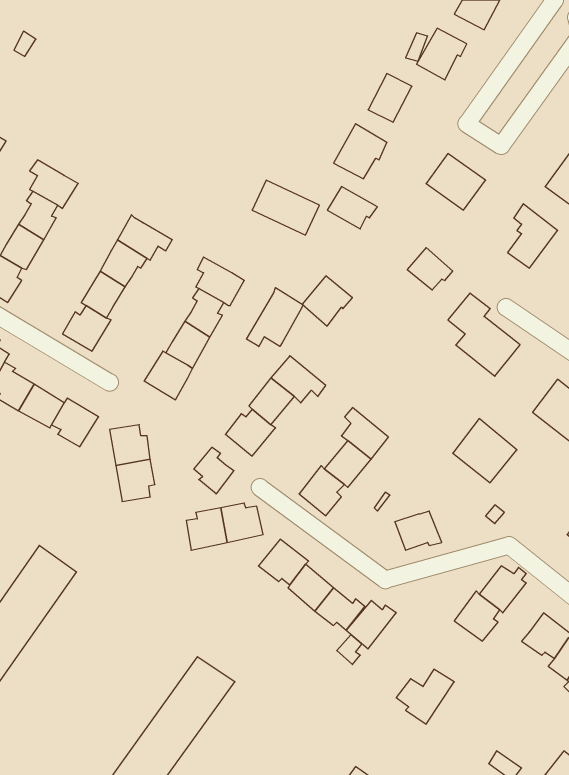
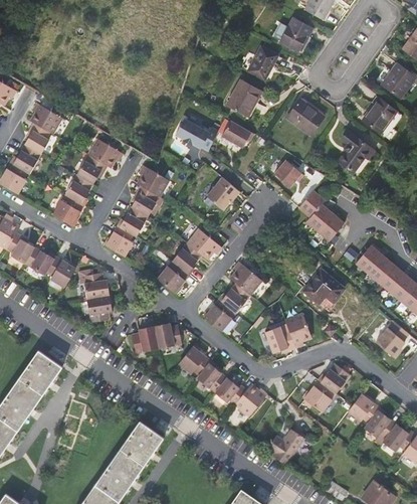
building: [246,288,303,347] -> none
building: [194,447,234,494] -> none
building: none -> [284,313,310,348]

